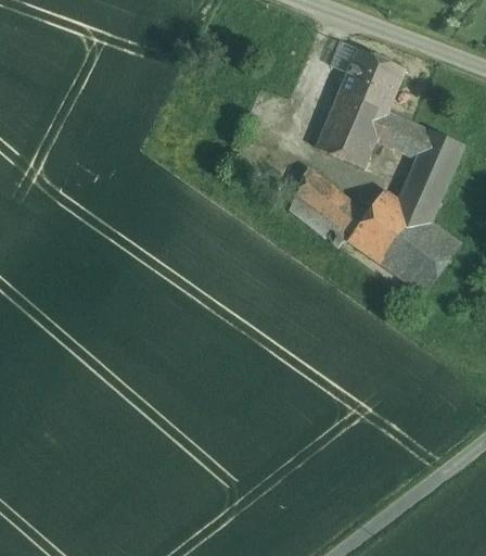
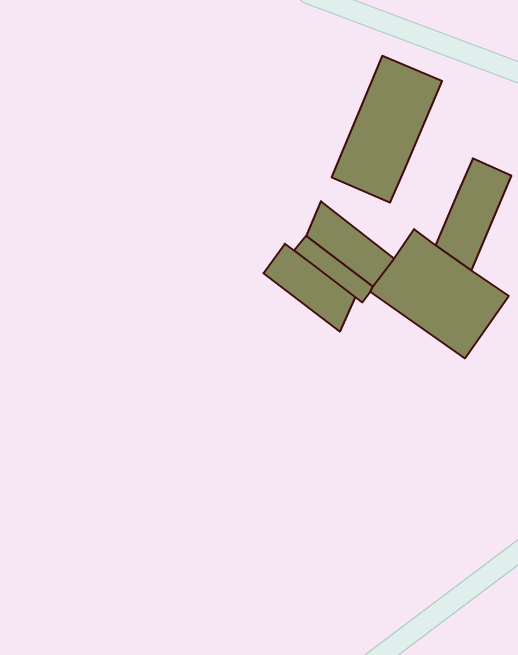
building: [375,111,431,157] -> none
building: none -> [263,244,355,332]

